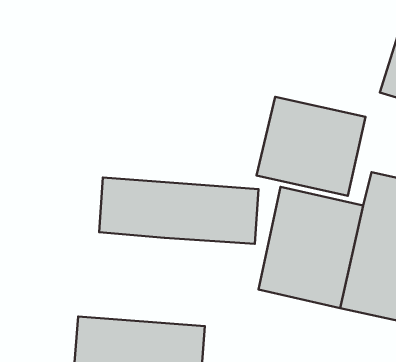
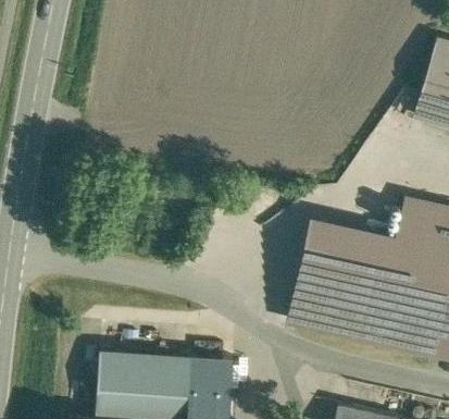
building: [256,97,365,196] -> none
building: [99,177,259,244] -> none

